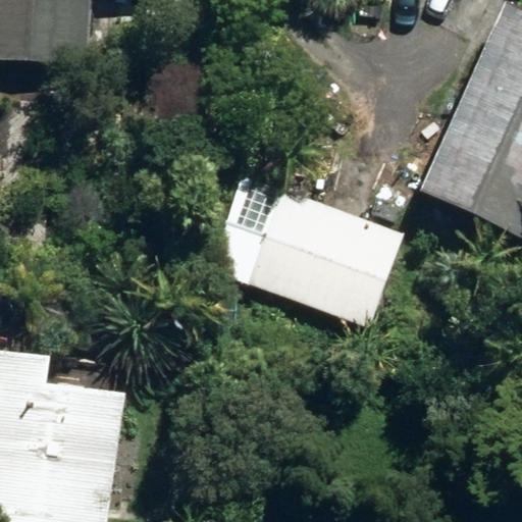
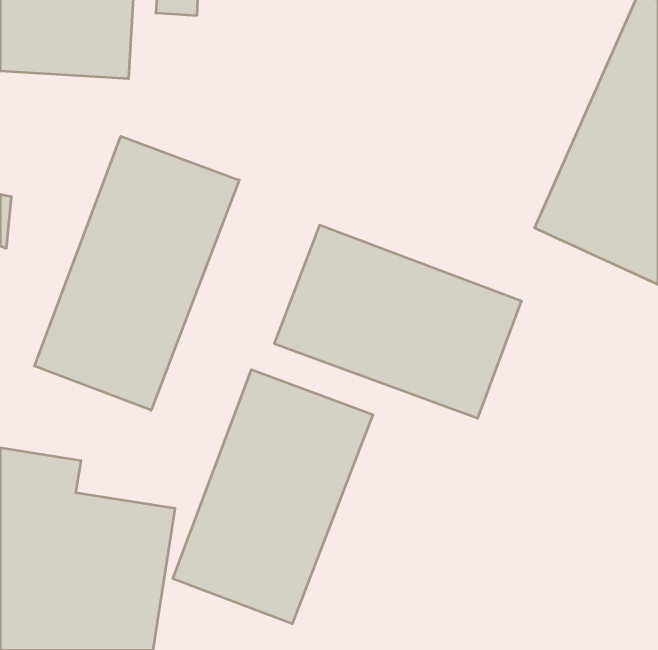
building: none -> [34,136,239,410]
building: none -> [173,370,373,624]

